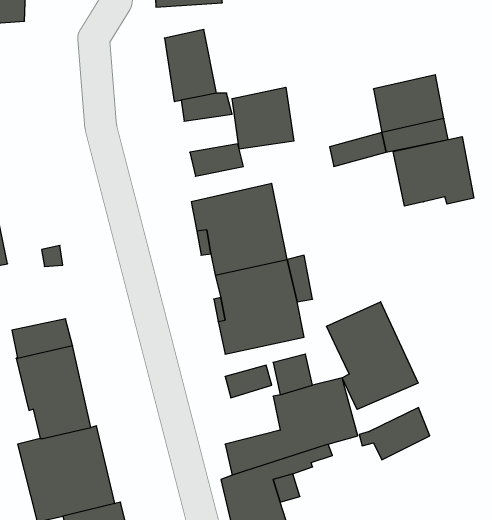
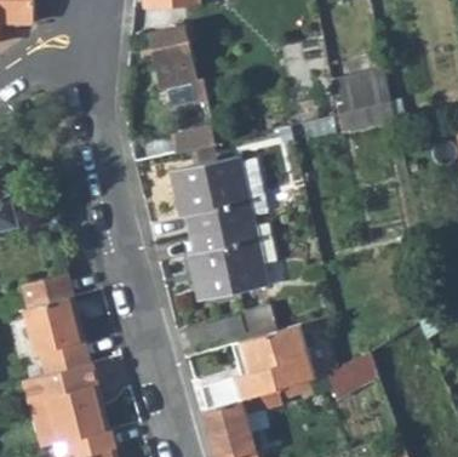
building: [232,87,294,149] -> none
building: [393,137,474,206] -> none
building: [327,302,418,409] -> none

